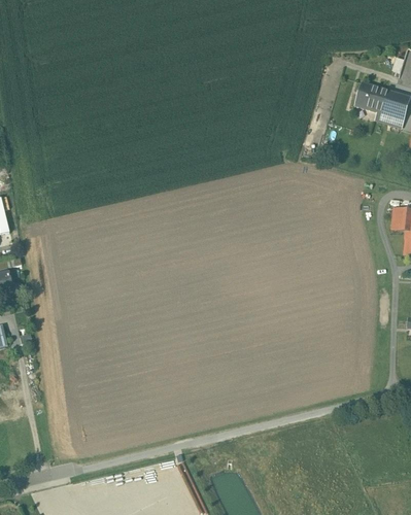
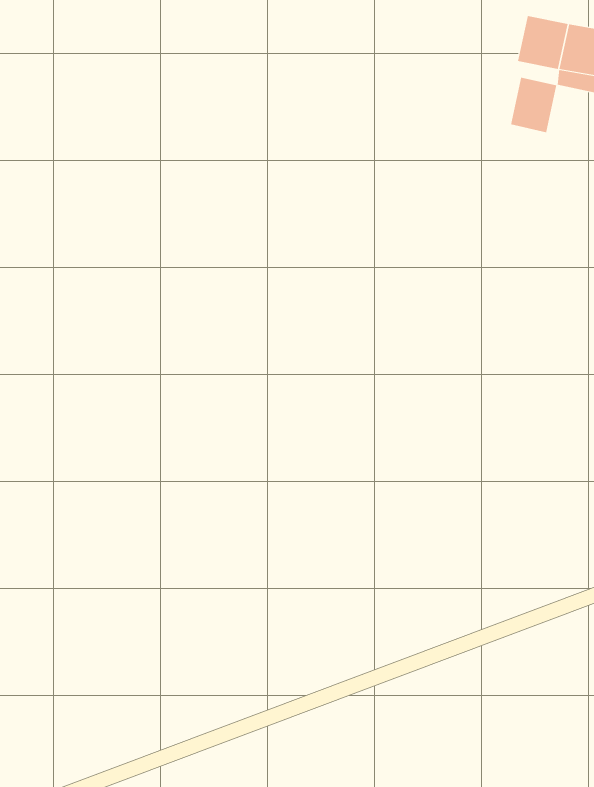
building: none -> [511,77,557,133]

